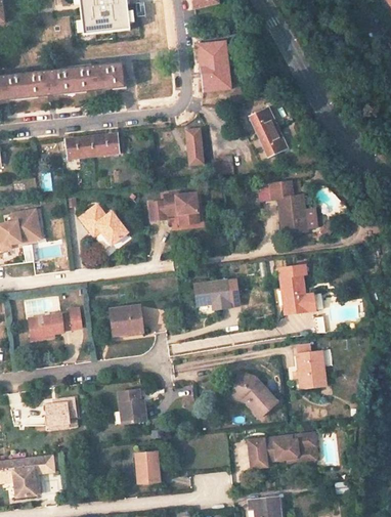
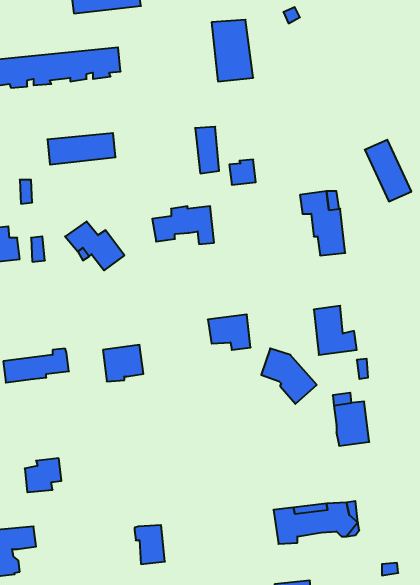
building: [250,106,288,157] -> [365,140,411,201]
building: [231,372,276,417] -> [261,348,317,404]
building: [118,389,146,424] -> none

